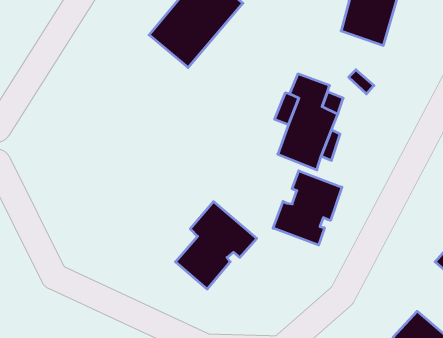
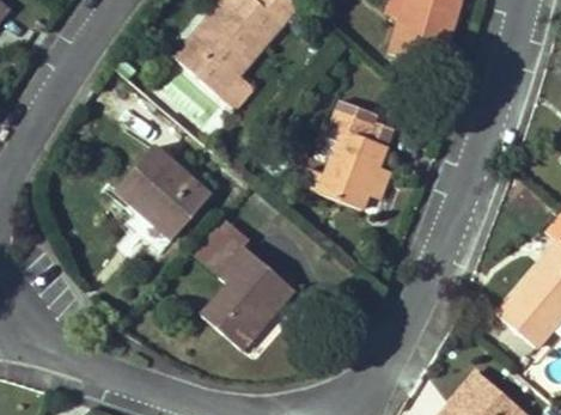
building: none -> [116,146,212,238]
building: [273,171,342,245] -> none
building: none -> [196,225,246,276]

